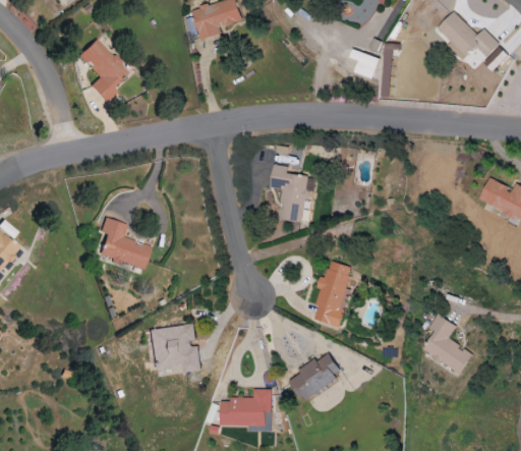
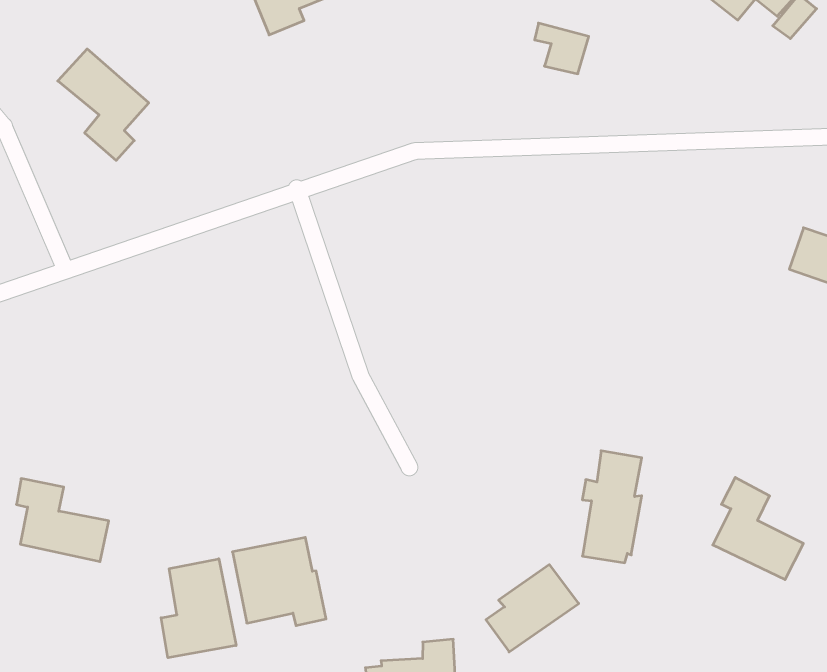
building: [270,165,317,223] -> none
building: [101,218,152,269] -> [16,479,109,562]
building: [313,262,352,326] -> [582,451,642,563]
building: none -> [161,559,236,658]

